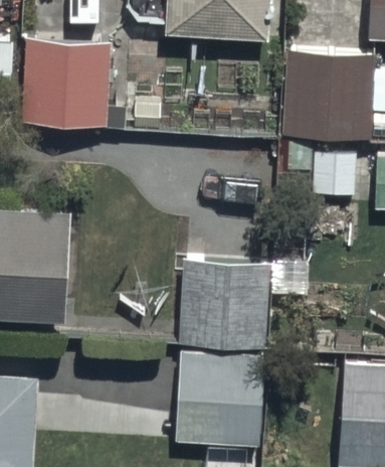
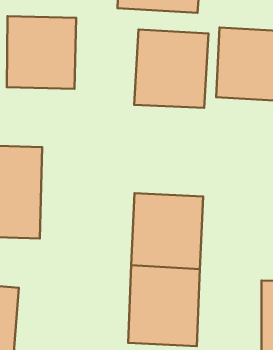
building: none -> [134,29,209,108]

